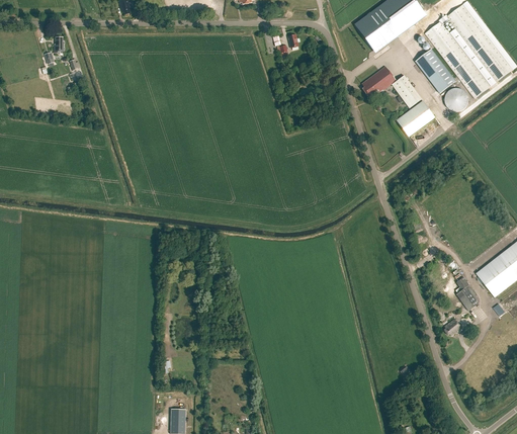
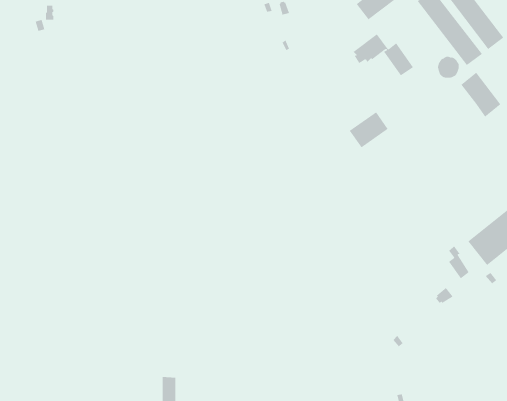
building: [416,48,456,93] -> [460,72,501,117]
building: [396,99,435,136] -> [349,112,389,148]

